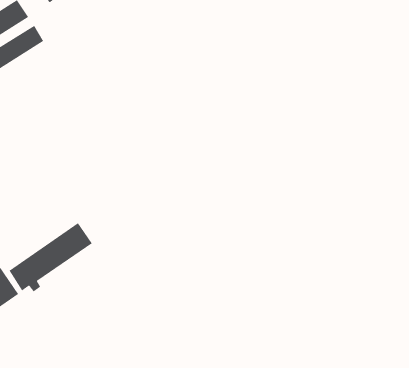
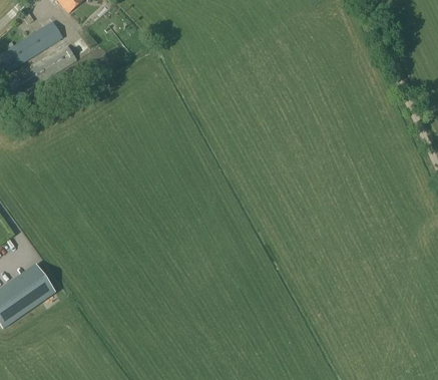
building: [8,222,93,293] -> none

